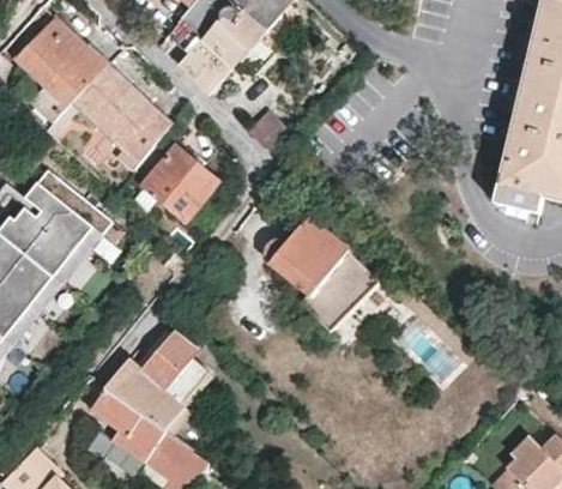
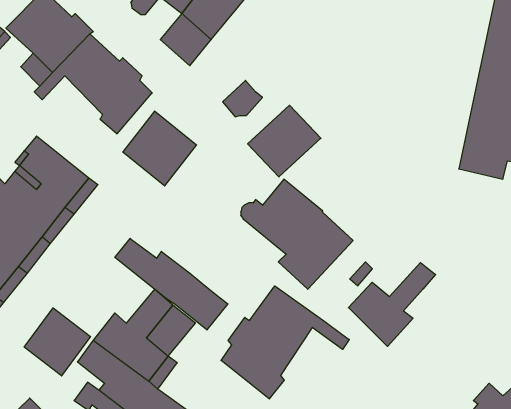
building: none -> [248,105,321,177]
building: none -> [115,238,228,330]
building: none -> [348,263,436,346]
building: none -> [221,286,349,399]
building: none -> [24,308,91,376]

